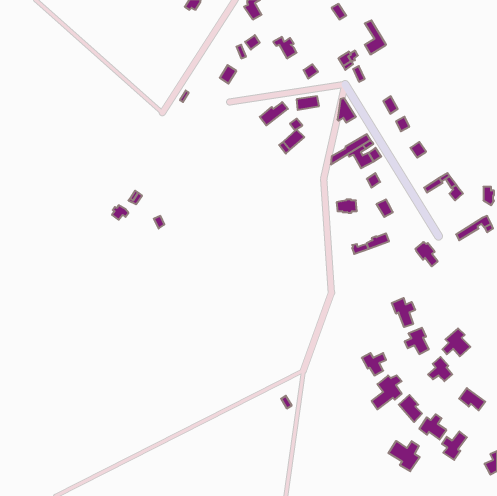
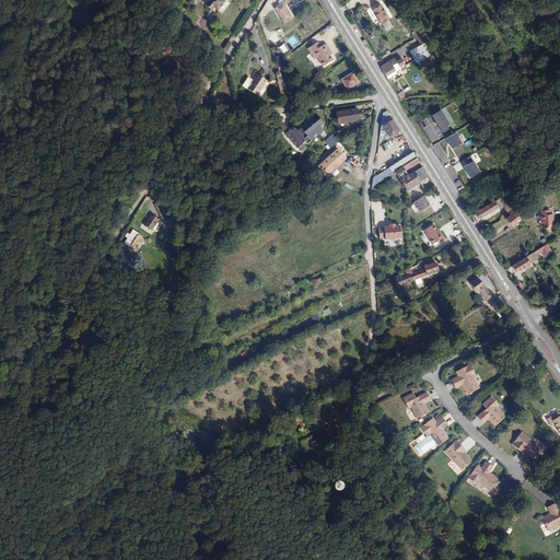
building: [392,298,415,327] -> none
building: [442,328,470,356] -> none
building: [442,431,467,460] -> none
building: [388,441,420,471] -> none

